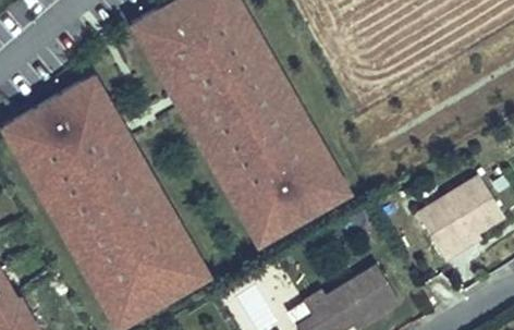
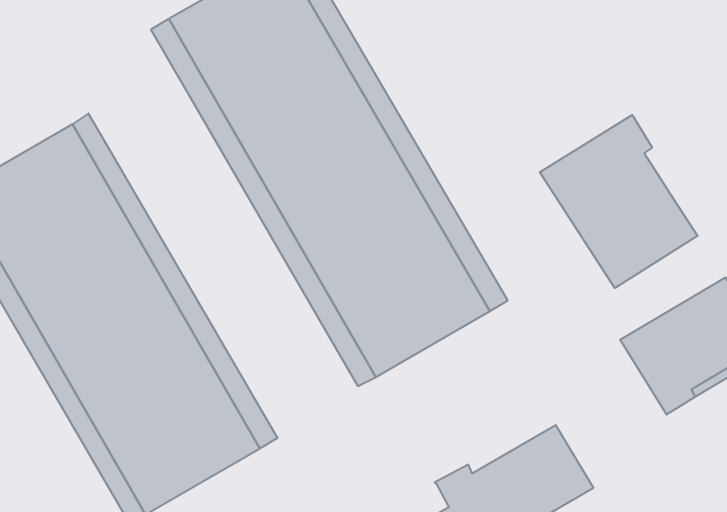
building: none -> [540,115,698,288]

